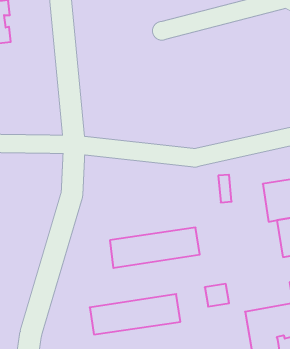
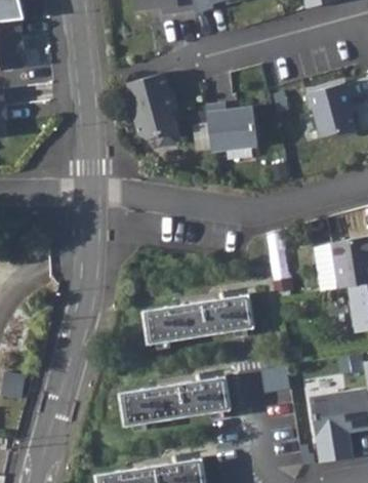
building: none -> [126,76,181,143]
building: none -> [306,85,355,137]
building: none -> [207,109,256,151]

